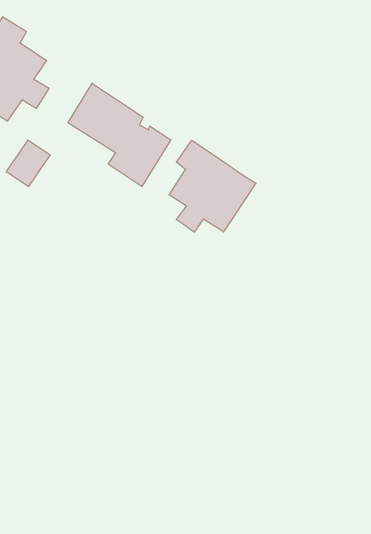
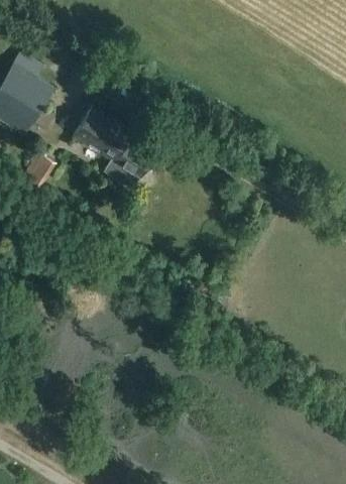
building: [169,140,256,232] -> none

